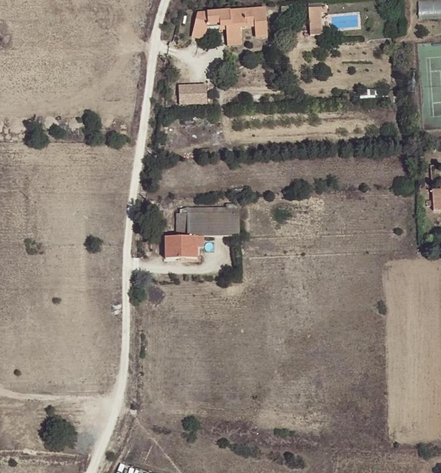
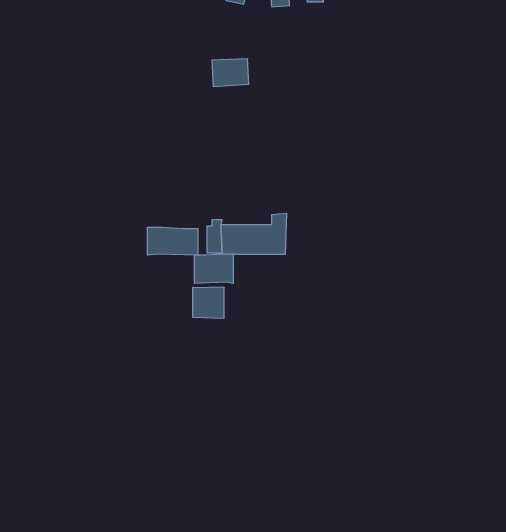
building: none -> [148,227,198,255]
building: none -> [193,287,224,318]

